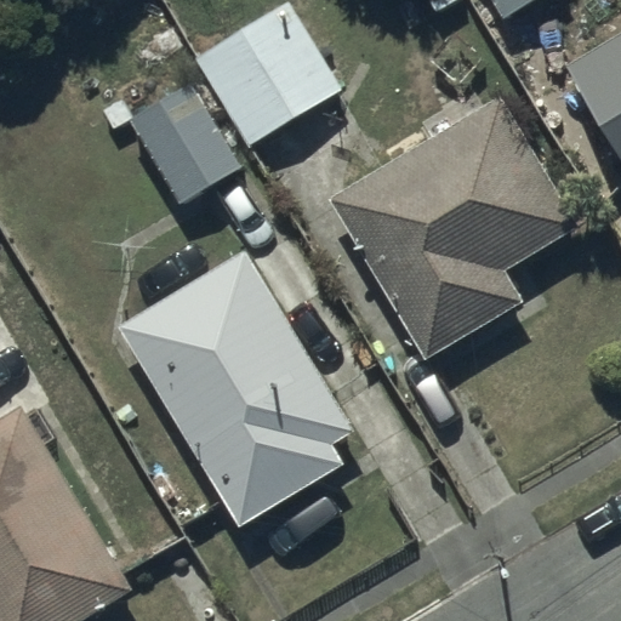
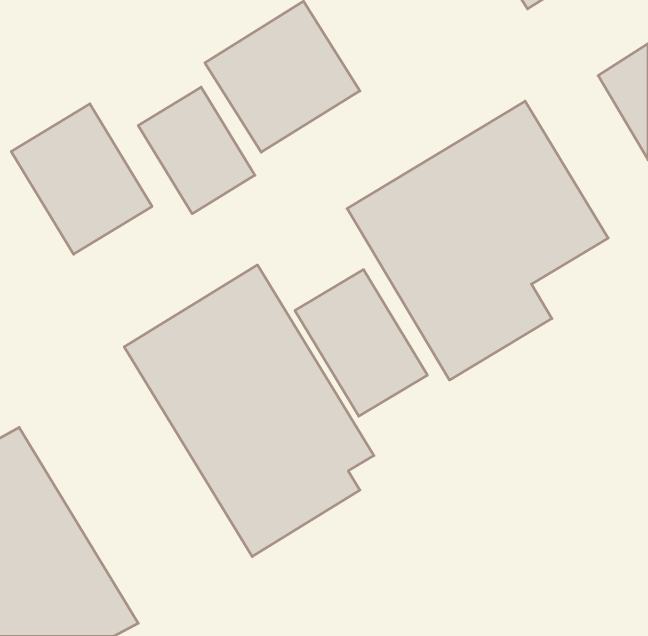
building: none -> [11,104,152,254]
building: none -> [295,270,427,416]

